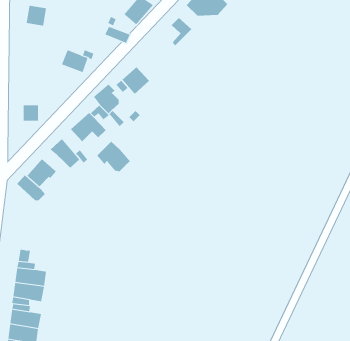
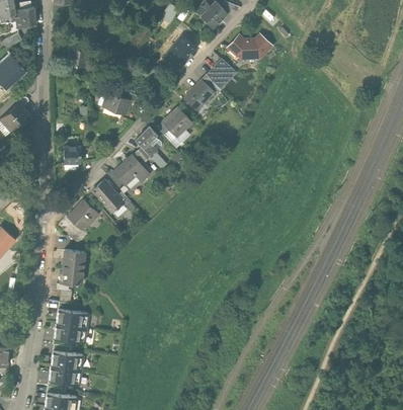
building: none -> [183,80,214,106]
building: [97,141,131,172] -> none
building: none -> [62,251,84,284]

